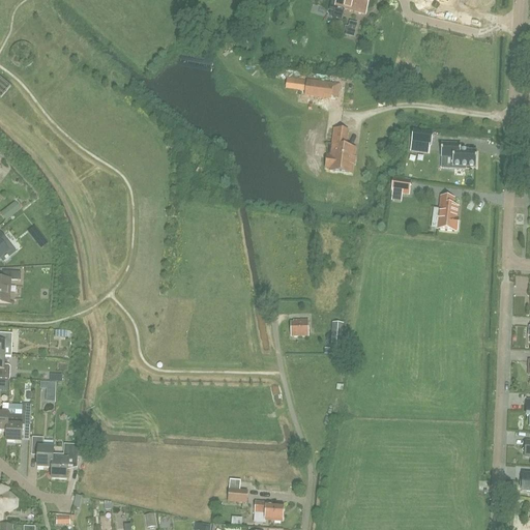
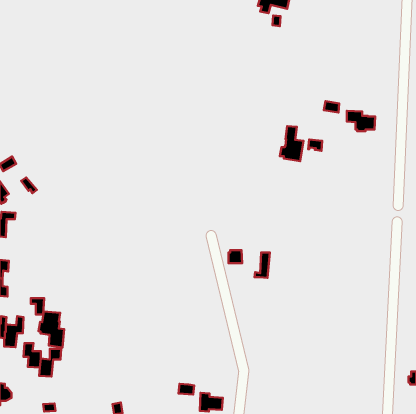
building: [285,73,337,97] -> none
building: [324,127,354,172] -> [280,126,303,161]
building: [432,195,458,229] -> none
building: none -> [39,311,64,347]

